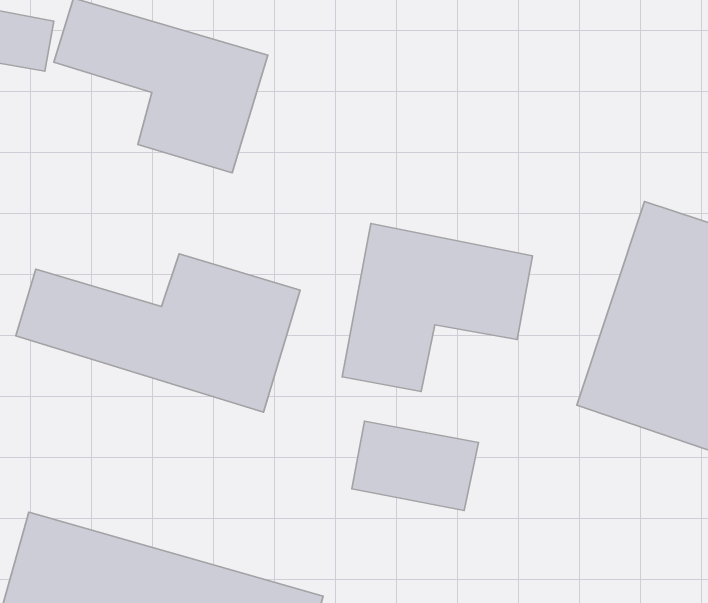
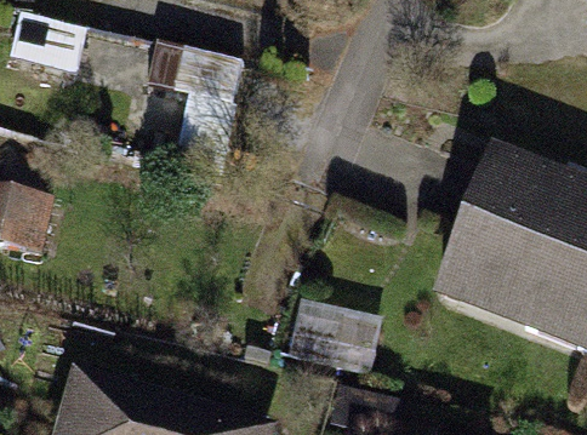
building: [342,224,533,392] -> none
building: [16,254,300,412] -> none

